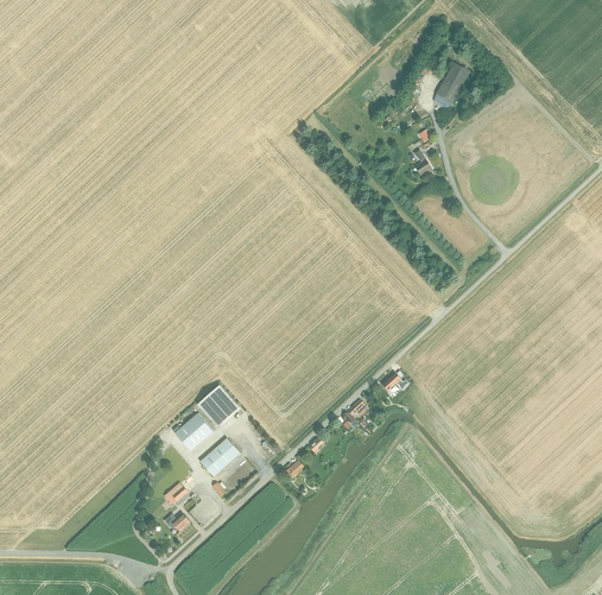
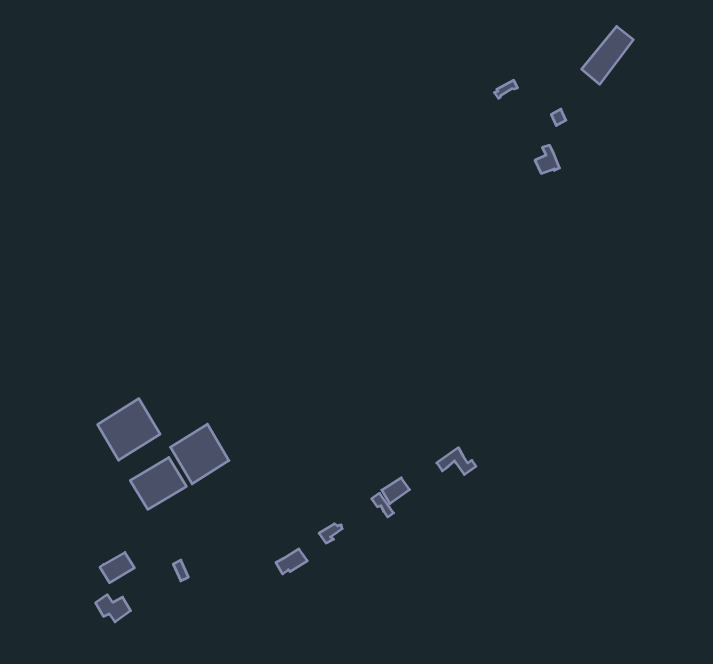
building: none -> [98,399,160,460]
building: [199,437,240,476] -> none

